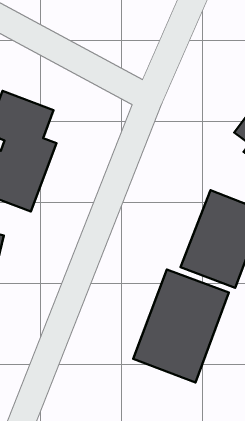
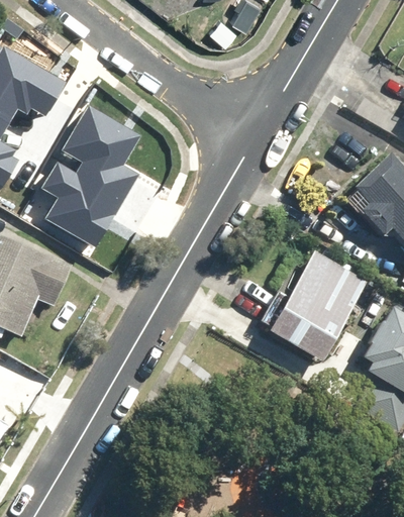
building: [133,270,229,383] -> none

